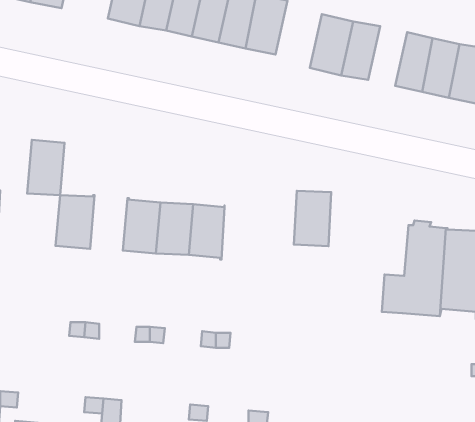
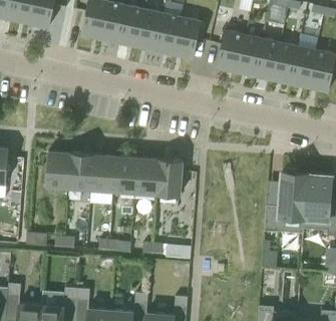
building: none -> [255,38,281,78]
building: [27,140,65,195] -> [68,151,93,189]
building: [294,191,331,246] -> [156,158,182,196]

